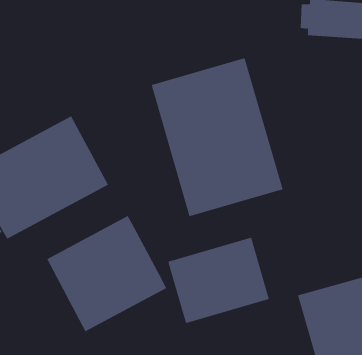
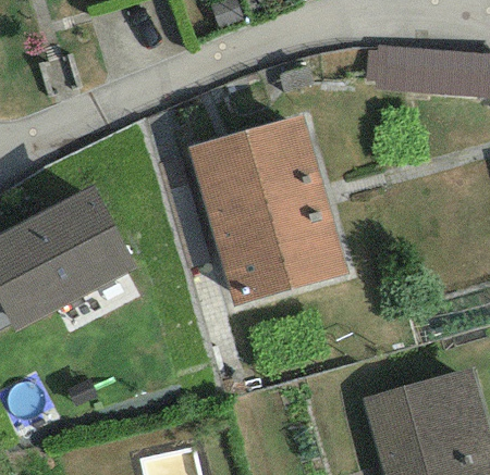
building: [46,215,167,332] -> none
building: [168,237,270,324] -> none

